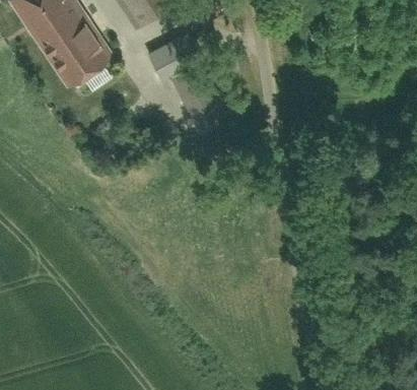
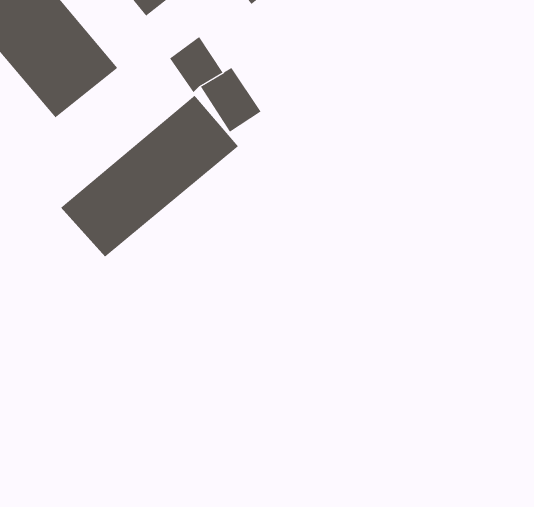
building: none -> [60,95,239,258]

